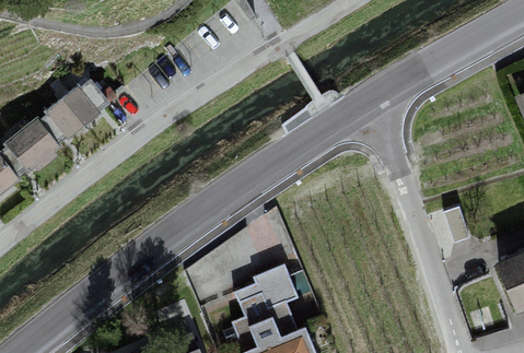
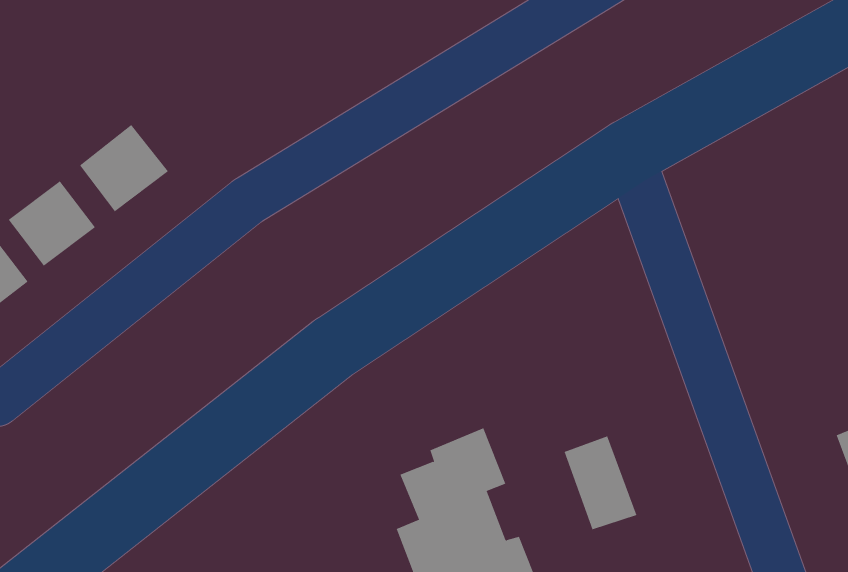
building: none -> [564,435,637,530]

